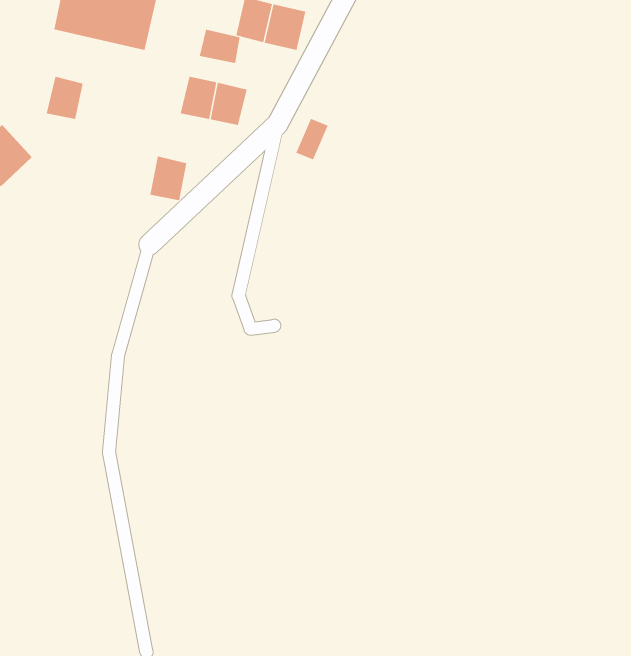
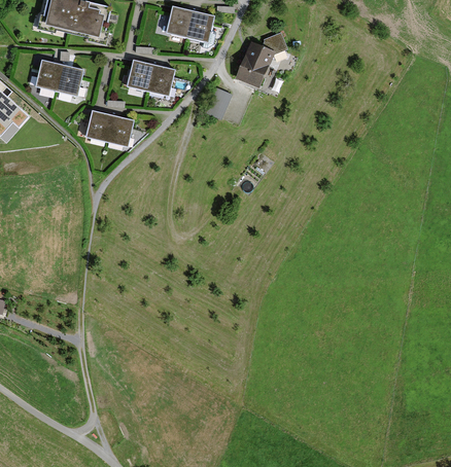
building: [199,29,240,64] -> none
building: none -> [237,40,276,85]
building: none -> [57,65,82,95]
building: none -> [86,110,112,141]

